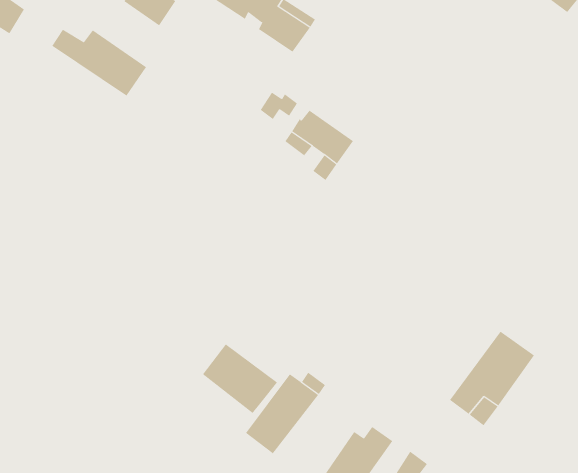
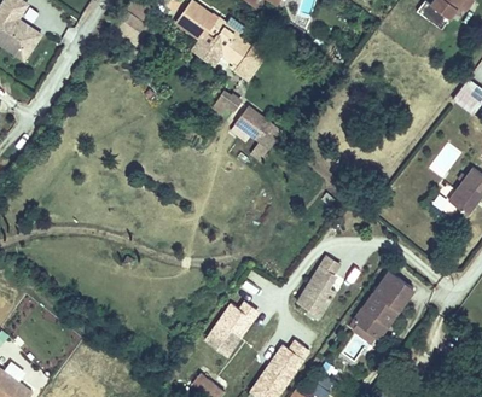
building: [52,29,147,96] -> none
building: none -> [297,251,336,303]
building: [202,343,278,414] -> none

